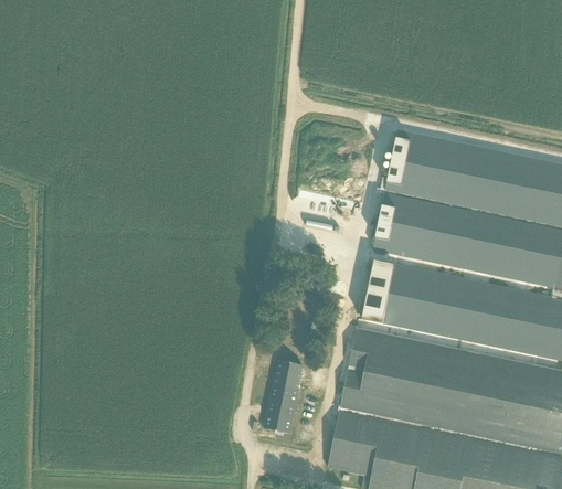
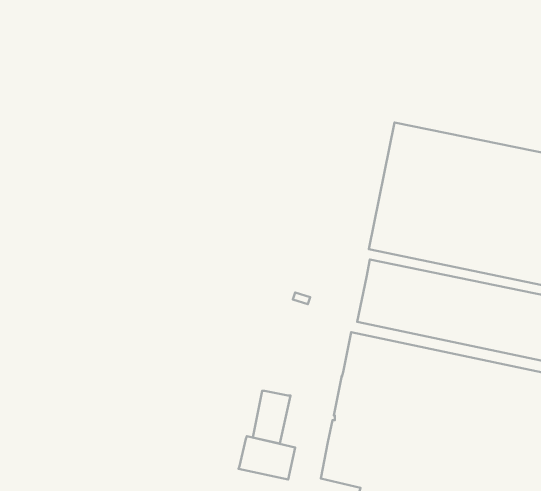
building: [276,362,304,390] -> none
building: none -> [238,436,295,480]

